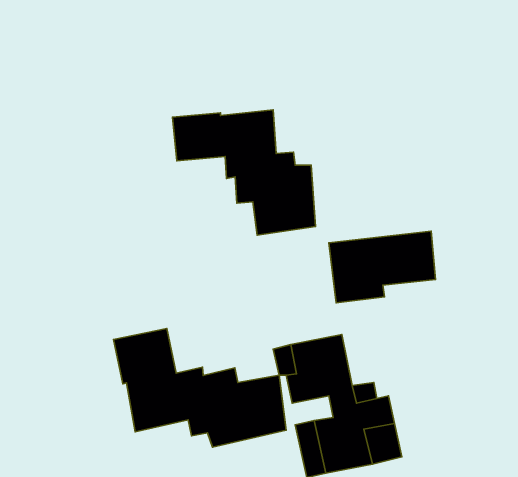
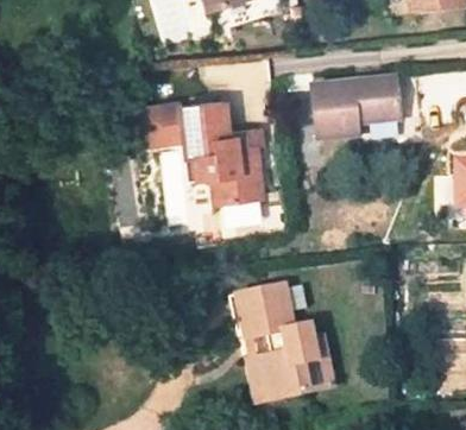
building: [329,231,436,303] -> [310,78,397,137]
building: [114,329,286,447] -> none

